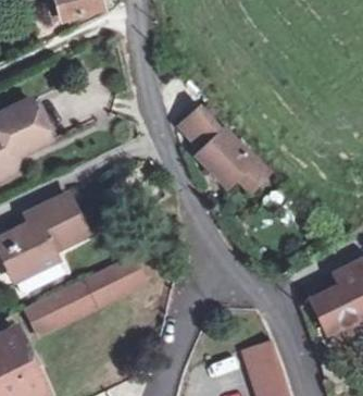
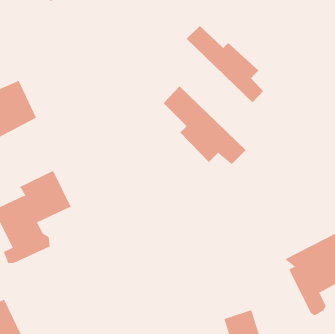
building: none -> [186,25,264,103]
building: [22,251,153,334] -> none

